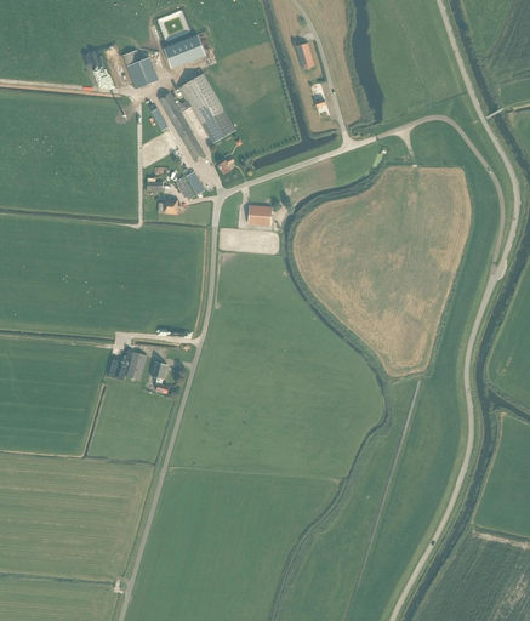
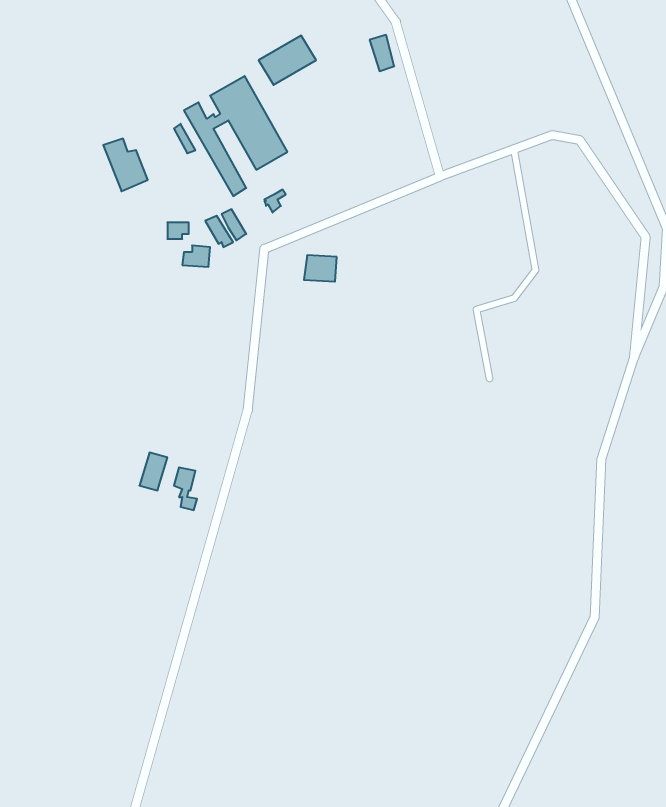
building: [155,36,198,73] -> [259,36,316,85]
building: [122,50,155,89] -> [103,139,148,191]

